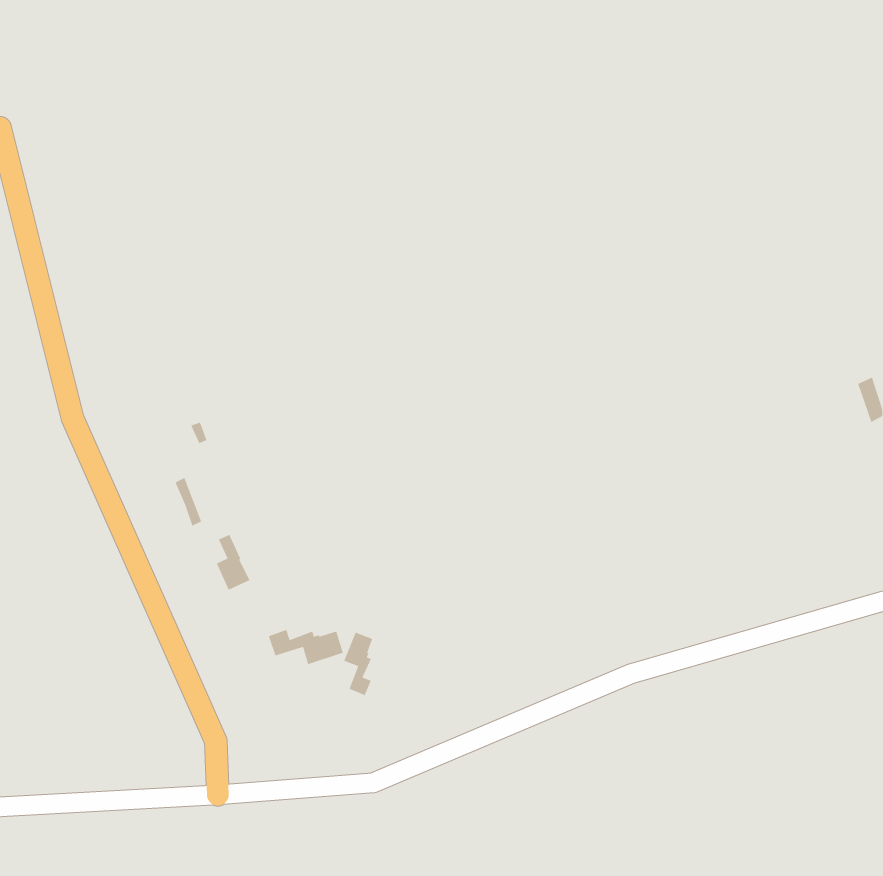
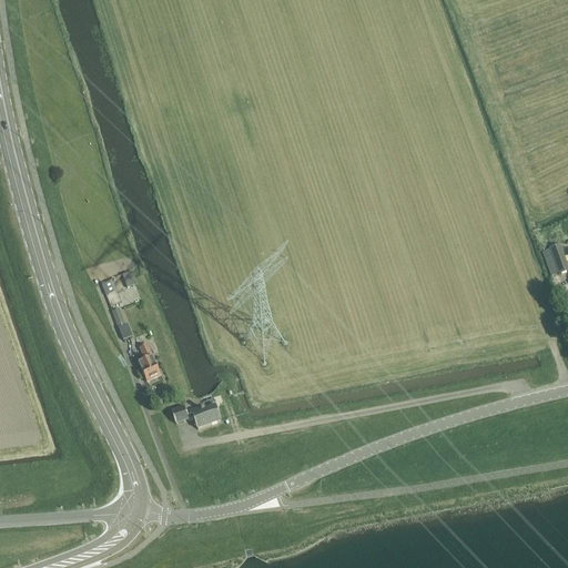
building: [343,631,373,696] -> none

